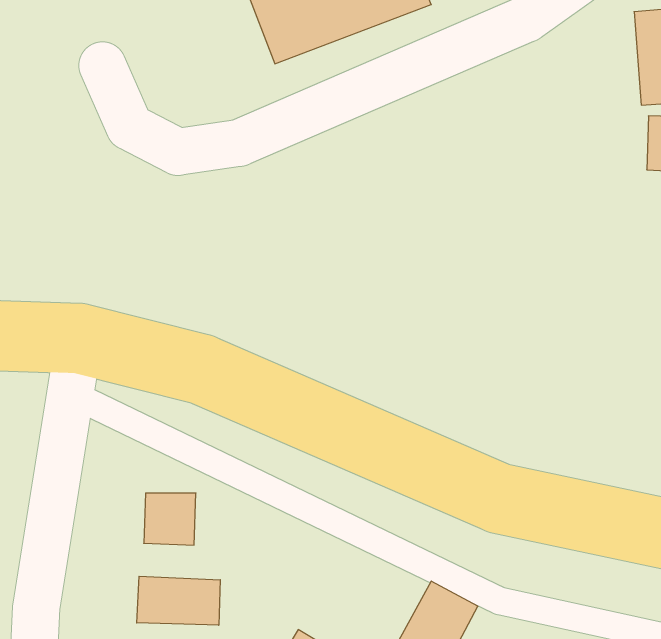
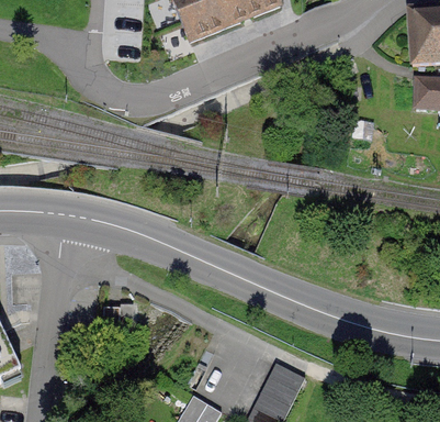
building: [137,576,220,625] -> none

